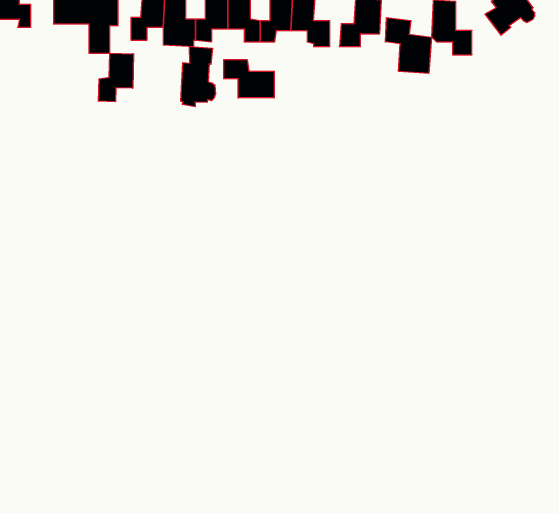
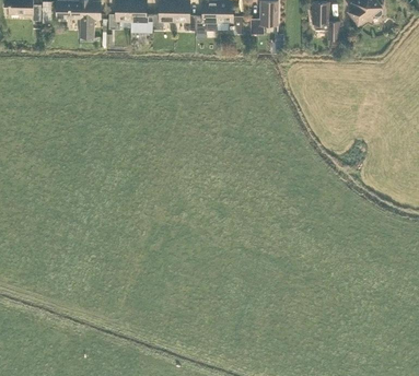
building: [385,18,432,73] -> none
building: [181,46,215,107] -> none
building: [99,53,134,102] -> none
building: [224,60,274,98] -> none

